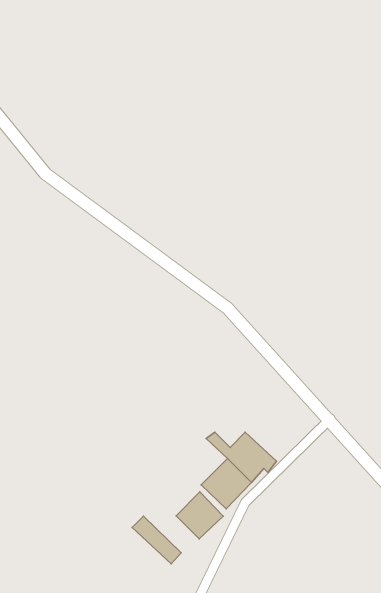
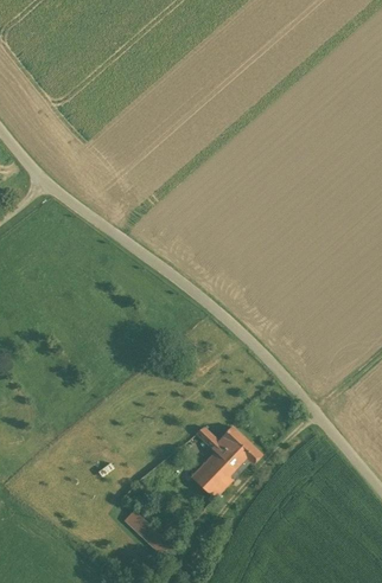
building: [176,492,223,539] -> none

